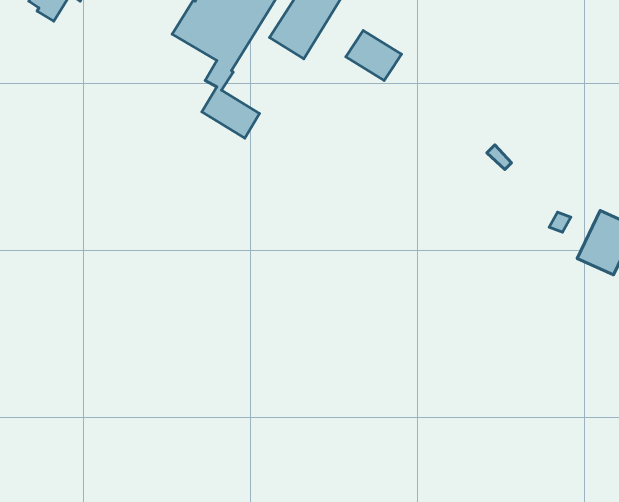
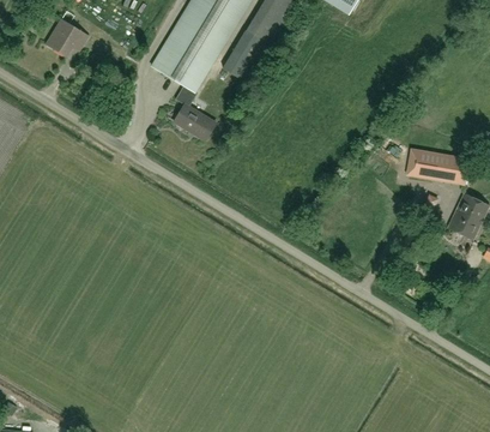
building: [346,31,401,81] -> none
building: none -> [405,149,467,184]

